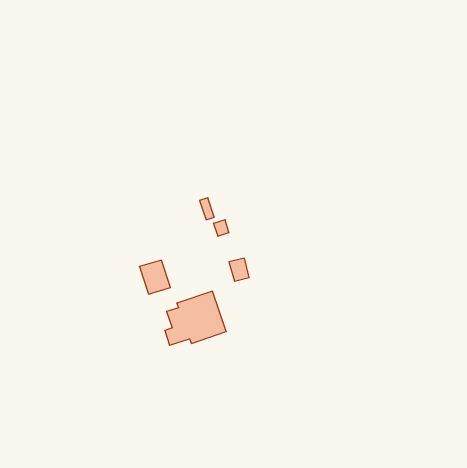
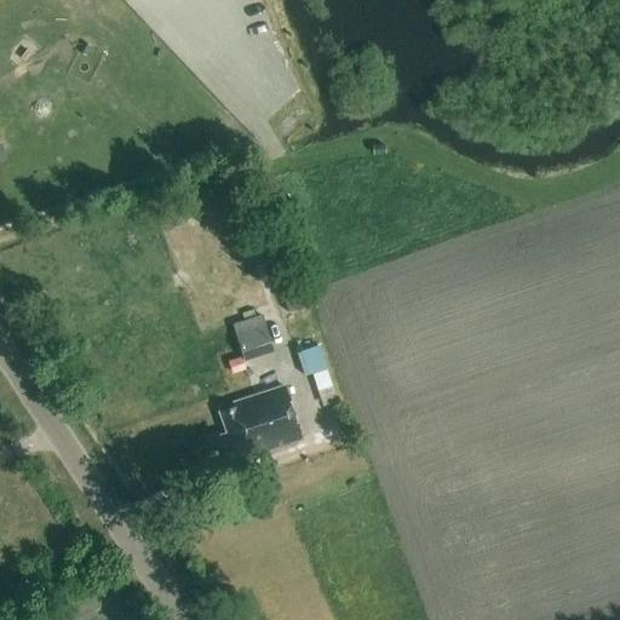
building: [139,260,170,294] -> [234,315,275,360]

